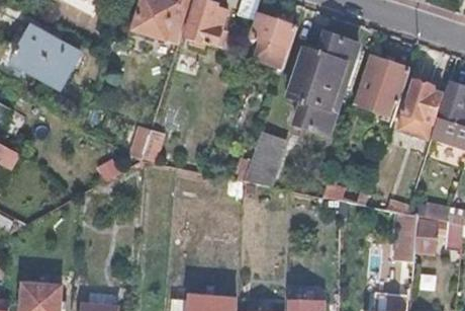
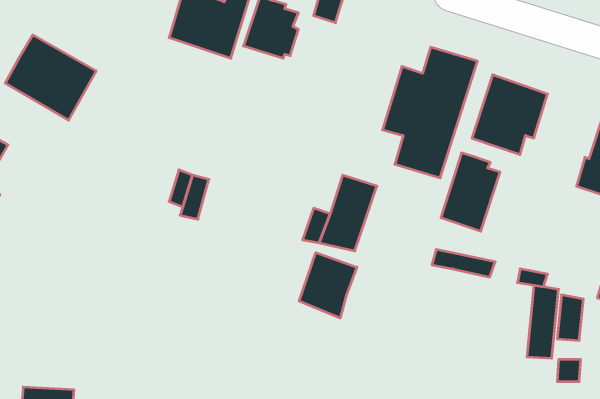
building: [253,15,297,66] -> none
building: [398,80,442,138] -> [441,153,500,231]
building: none -> [299,253,357,318]

